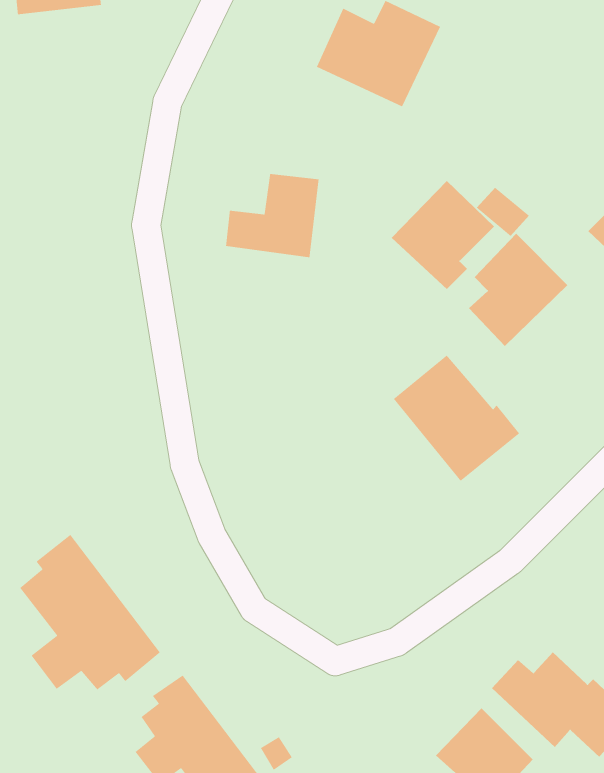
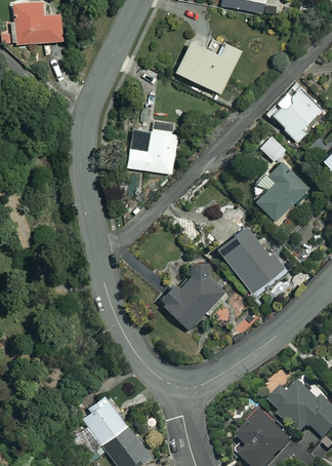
building: [391,180,495,290] -> [268,84,324,143]
building: none -> [159,261,225,331]
building: [19,534,161,690] -> none

